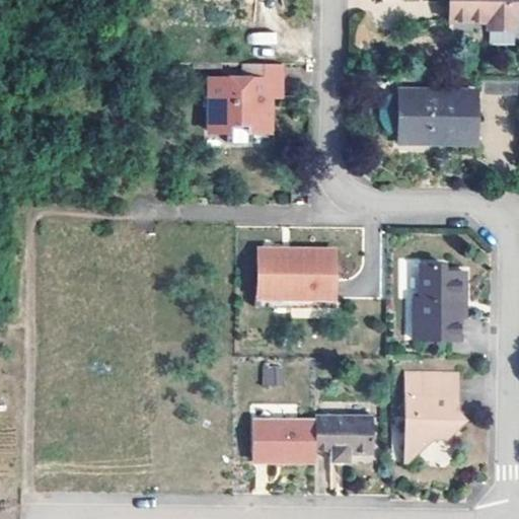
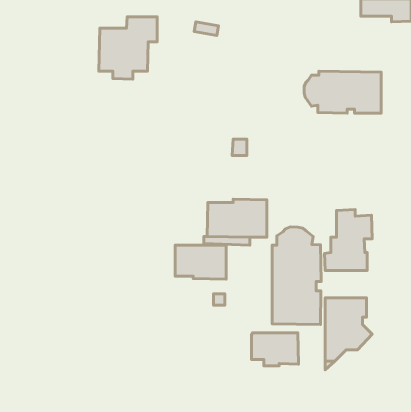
building: [209,63,282,141] -> [99,17,157,79]
building: none -> [272,227,321,325]
building: [251,420,315,462] -> [175,245,226,279]

